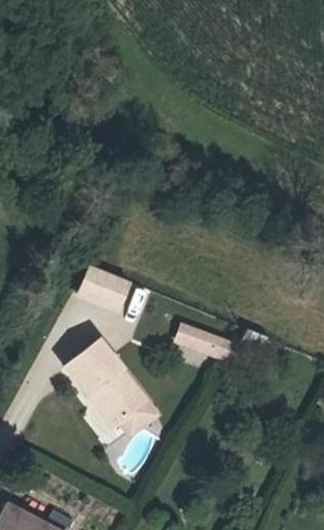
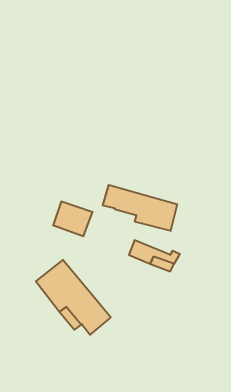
building: none -> [103,185,177,231]

